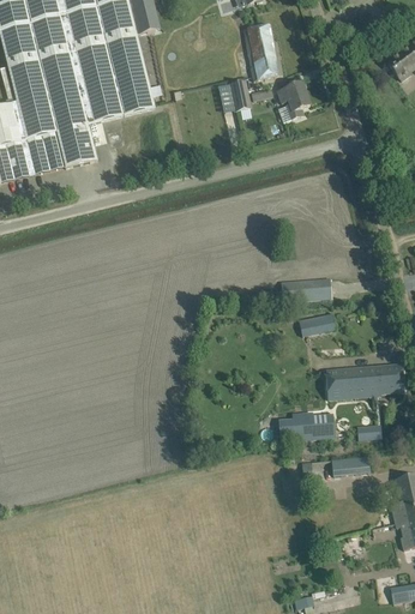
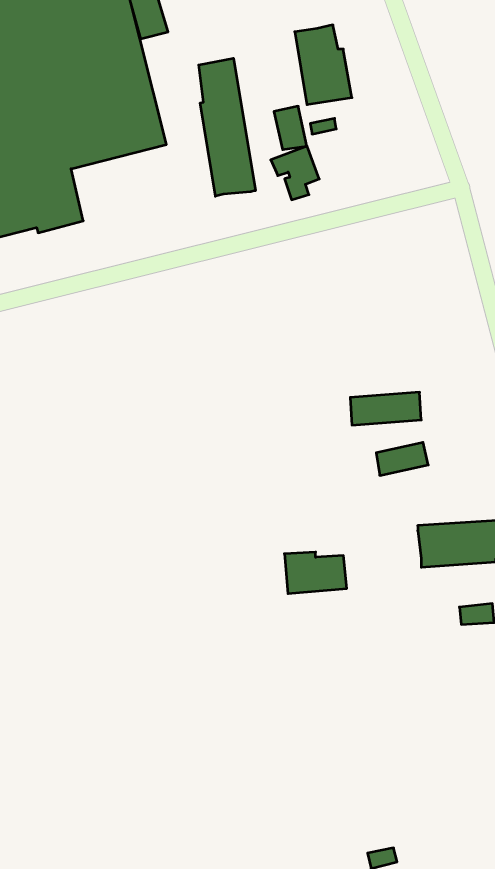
building: none -> [199,58,255,196]
building: [276,82,309,119] -> [271,146,319,200]
building: [290,411,333,440] -> [284,552,347,594]
building: [331,456,368,475] -> none

